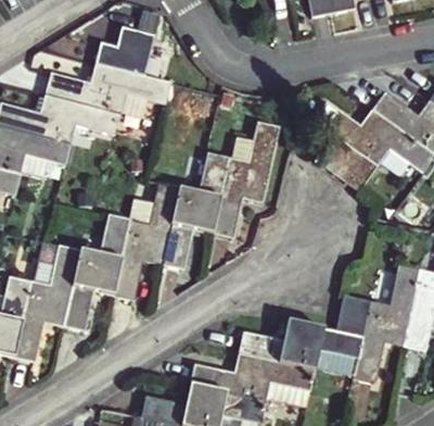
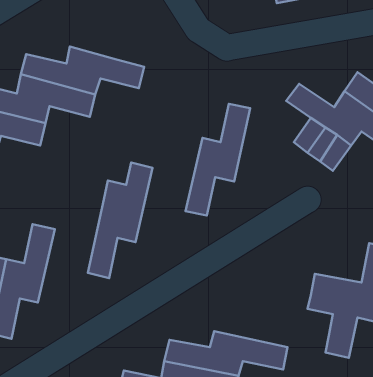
building: [94,24,153,75] -> none
building: [162,150,230,266] -> none
building: [51,213,129,369] -> none
building: [242,321,363,369] -> none

